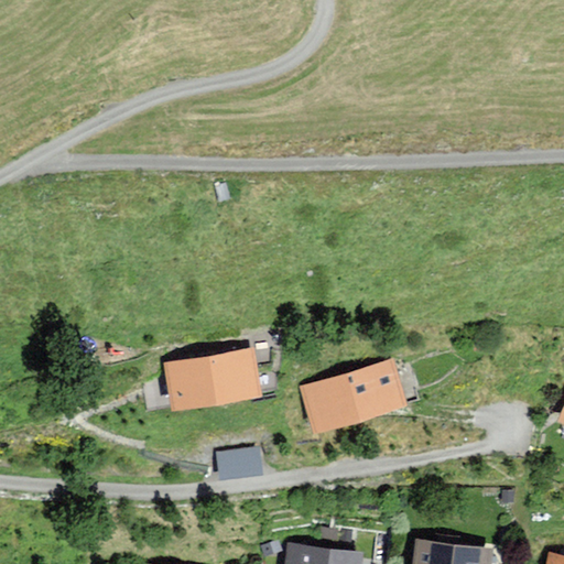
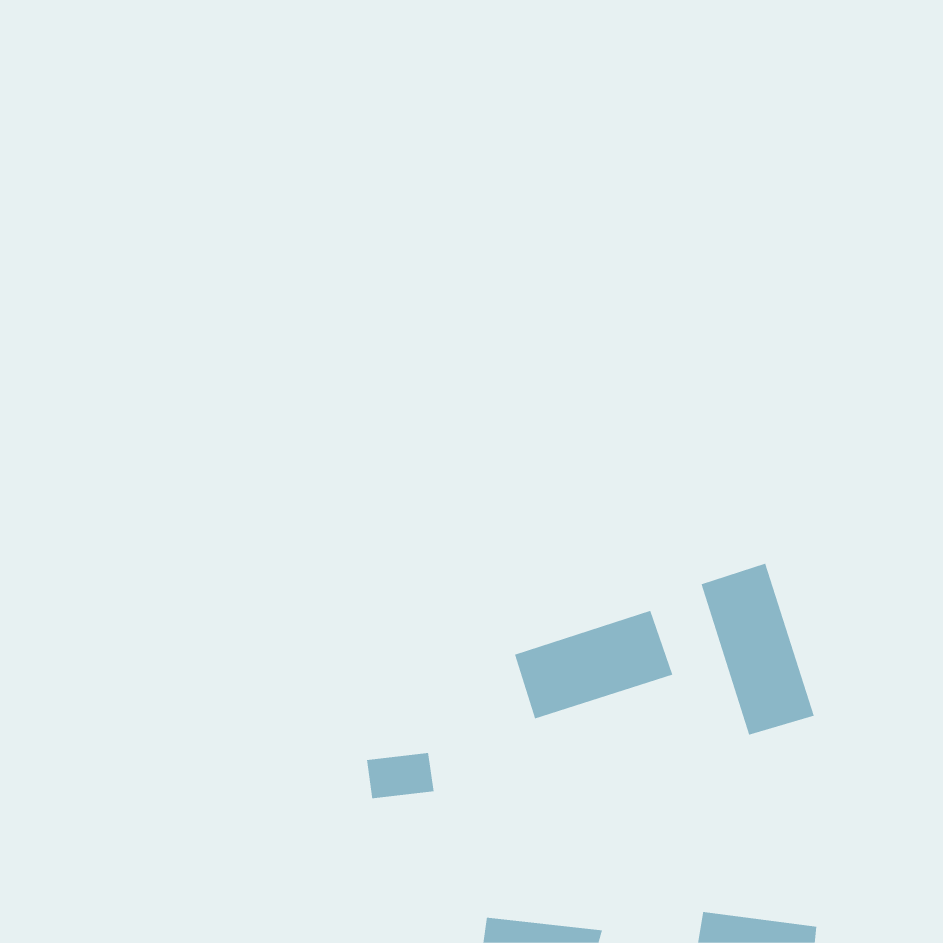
building: none -> [701,563,815,736]
building: [170,354,256,408] -> none

